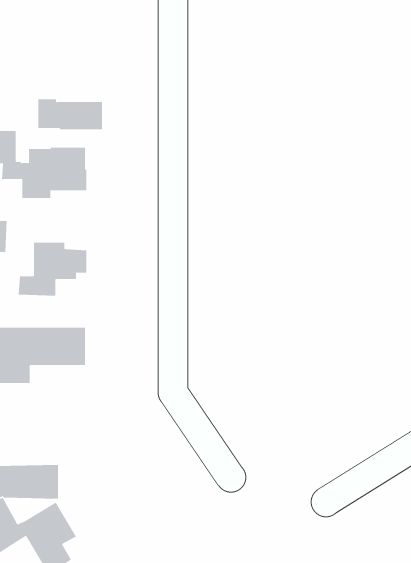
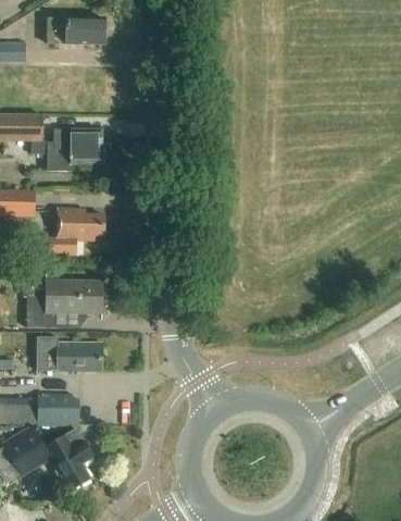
building: [37,99,103,130] -> [47,17,102,44]
building: none -> [35,337,101,370]

